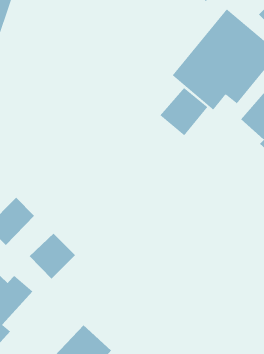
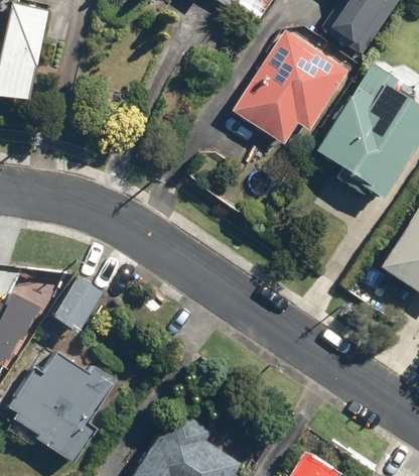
building: [160,87,208,136] -> none
building: [29,233,76,280] -> none

